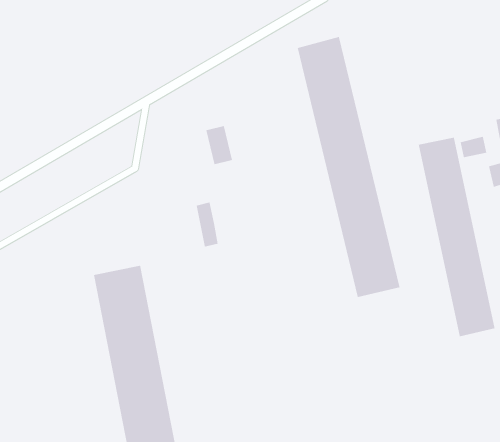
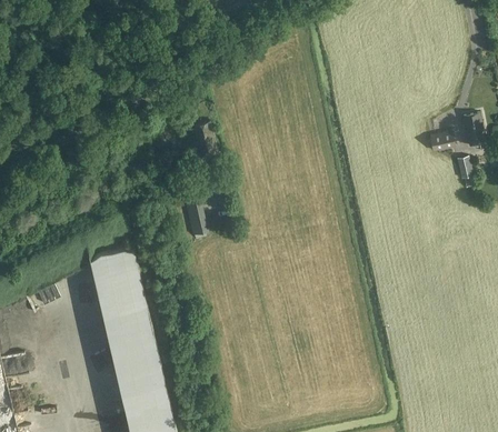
building: [297,36,400,298] -> none
building: [418,137,495,337] -> none

